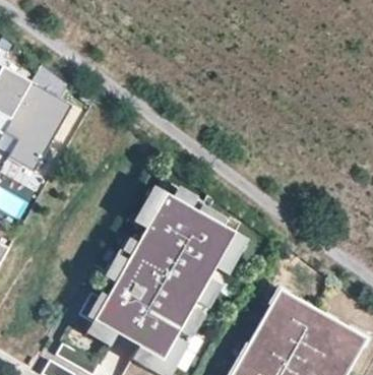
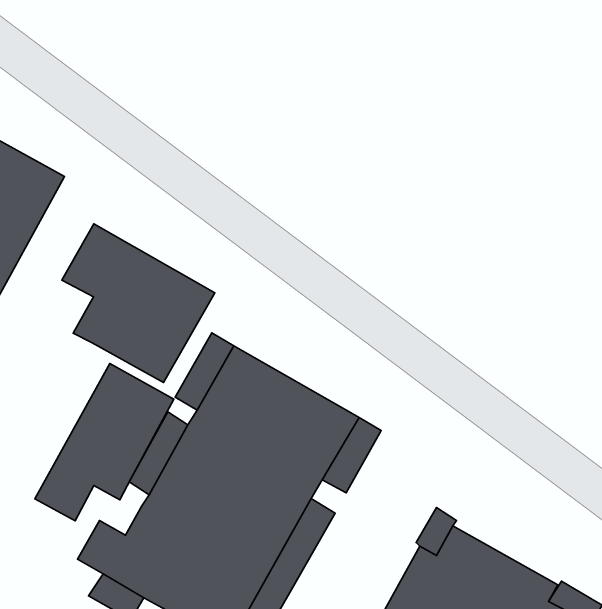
building: none -> [62,224,215,382]
building: none -> [35,364,174,521]

